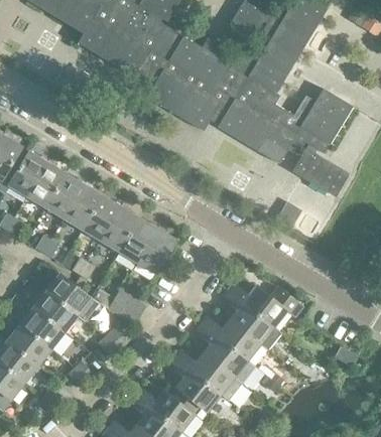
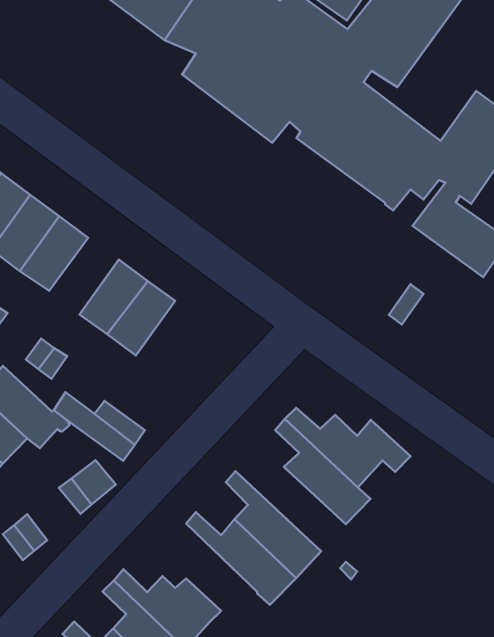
building: [83,195,122,241] -> none
building: [137,228,176,274] -> none
building: [202,317,261,360] -> none
building: [169,357,221,412] -> none

